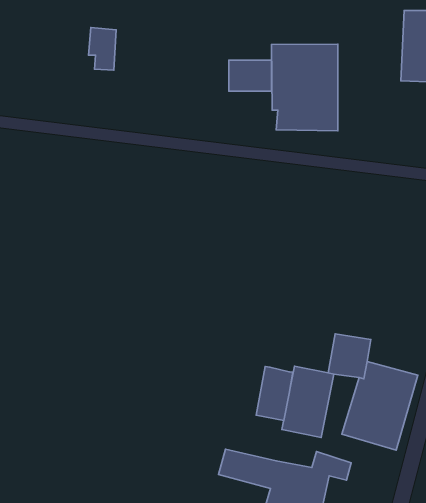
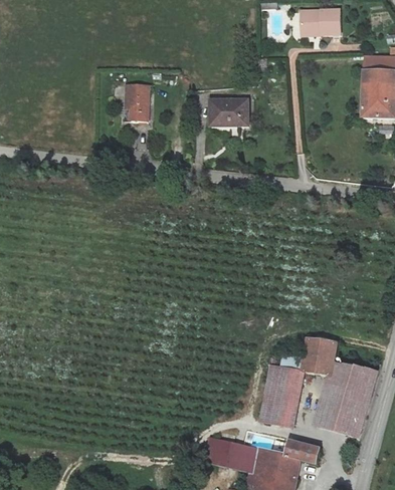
building: [89,28,116,70] -> [126,83,150,120]
building: [271,44,338,131] -> none
building: [256,366,293,421] -> none

